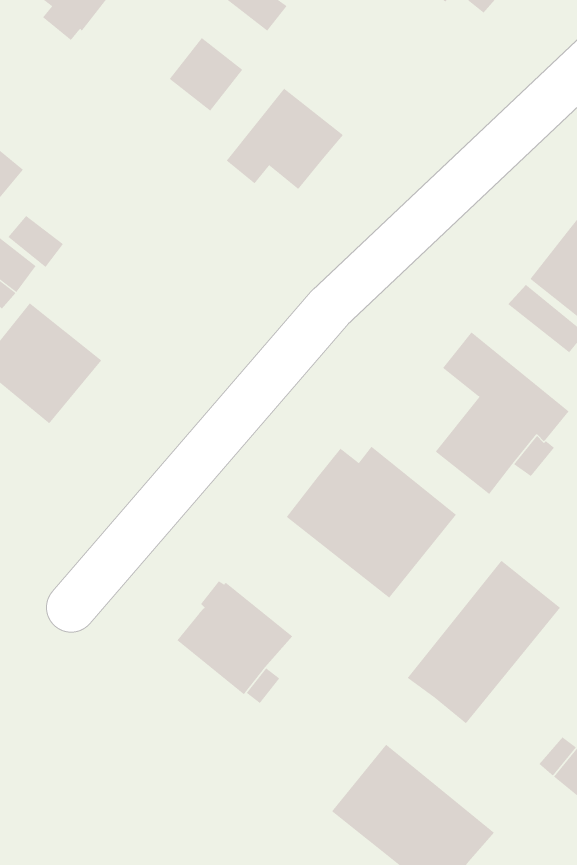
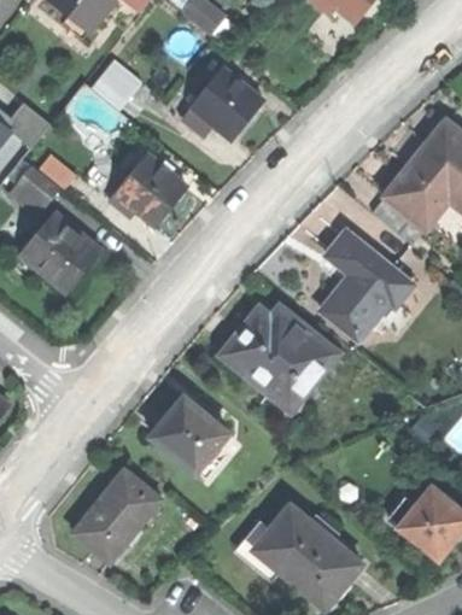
building: [169,37,243,112] -> [92,59,141,109]
building: none -> [110,154,186,223]
building: [407,560,561,724] -> none
building: none -> [72,469,160,561]

